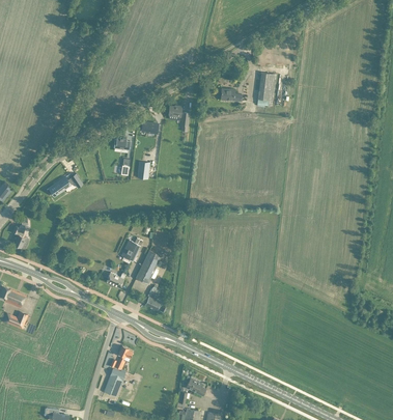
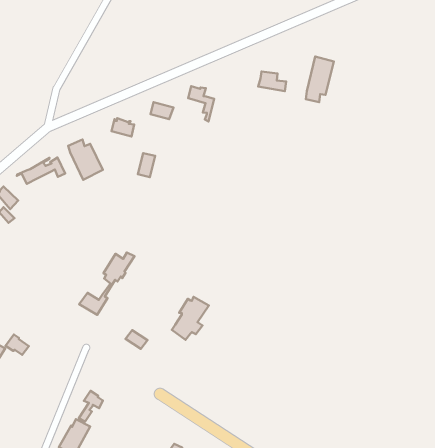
building: none -> [68,139,103,180]
building: [135,250,161,283] -> [172,297,209,340]

